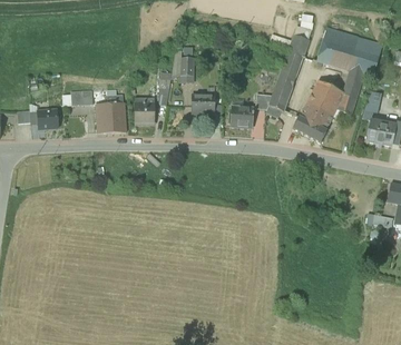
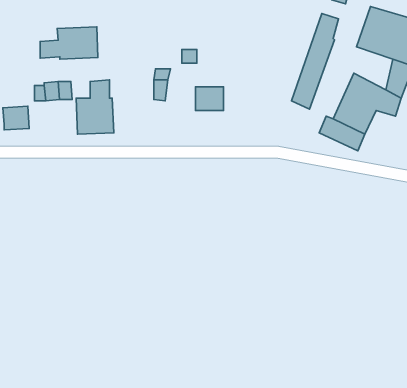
building: none -> [40,27,98,59]
building: [134,97,155,122] -> none
building: [231,106,254,127] -> none

